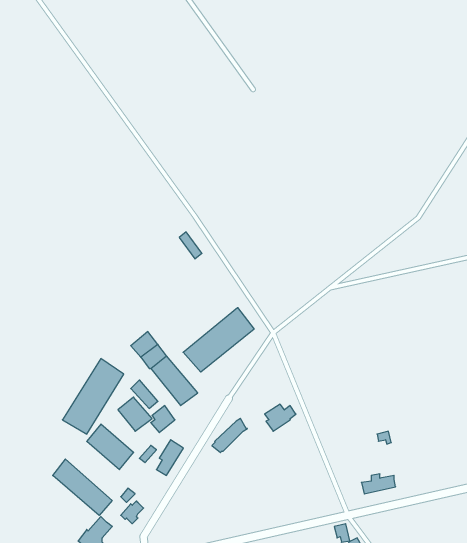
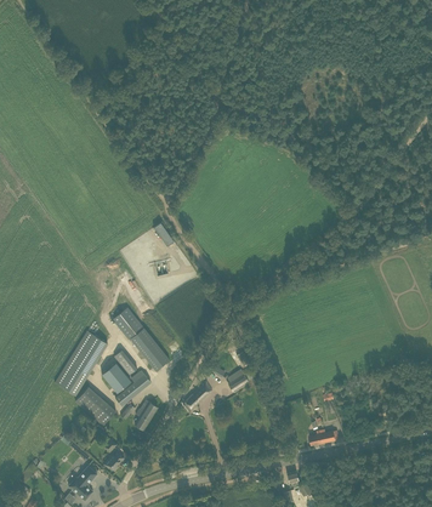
building: [183,308,254,372] -> none
building: [53,459,112,515] -> none

